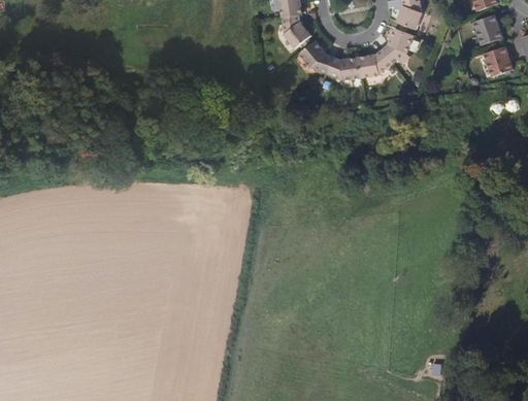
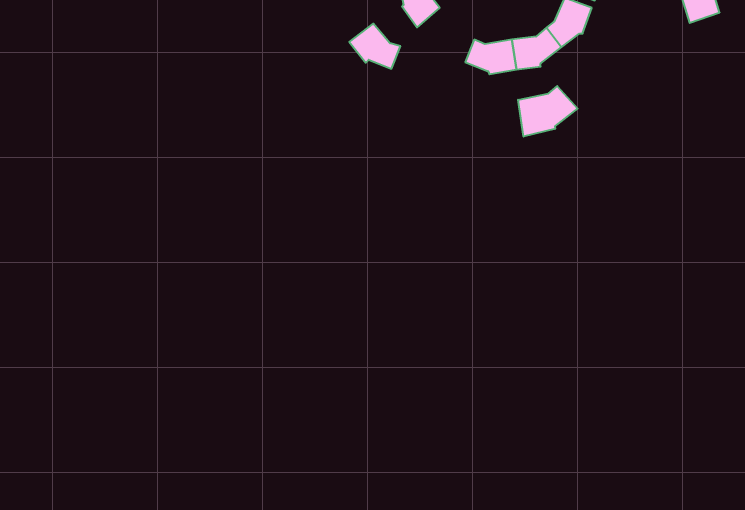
building: [298,40,333,71] -> [349,24,400,69]
building: [484,45,513,75] -> none
building: none -> [518,86,578,137]

